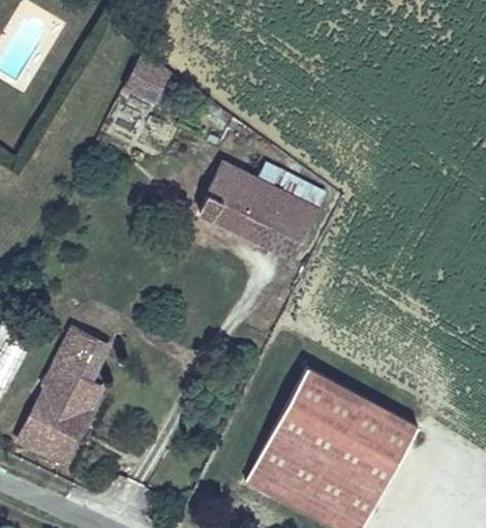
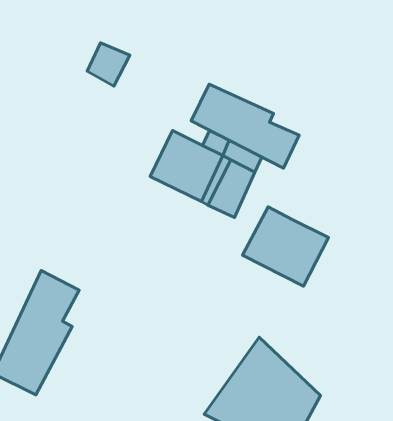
building: none -> [191,84,299,168]
building: none -> [242,207,329,286]
building: [243,365,419,492] -> none

